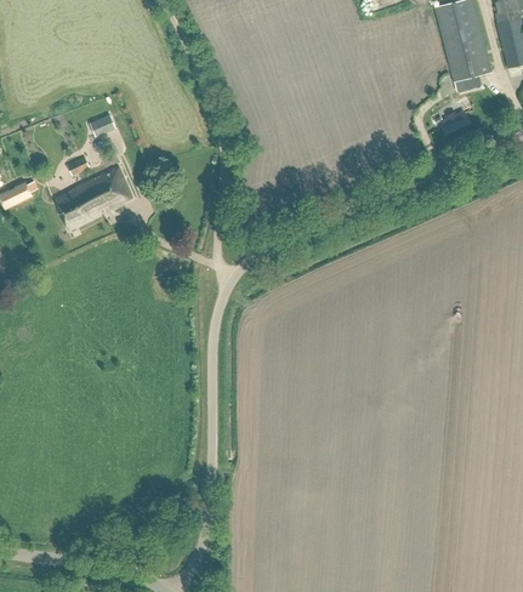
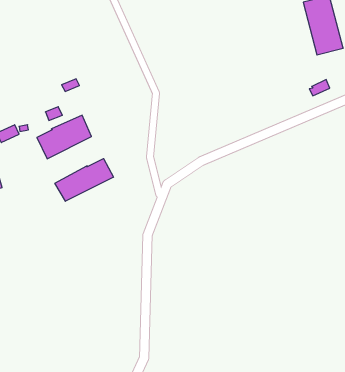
building: none -> [55,159,113,201]

